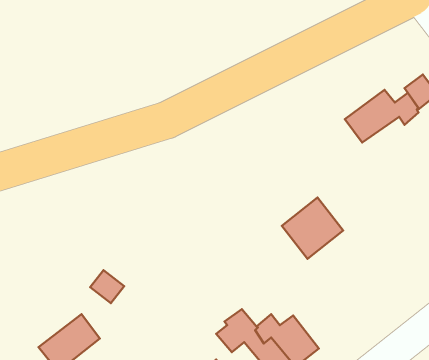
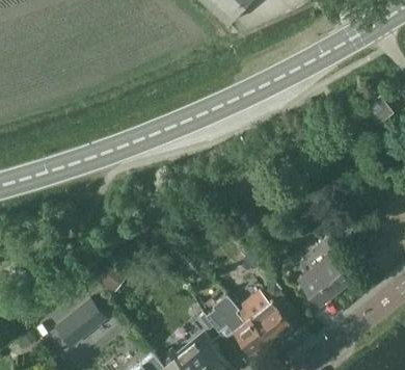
building: [345,90,419,143] -> none
building: [282,198,343,259] -> [296,254,348,306]

